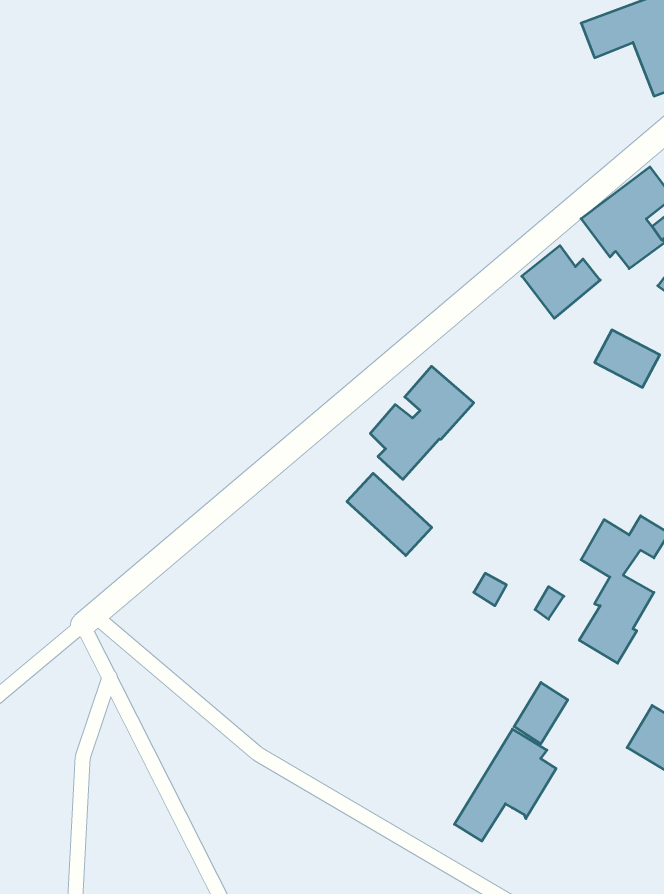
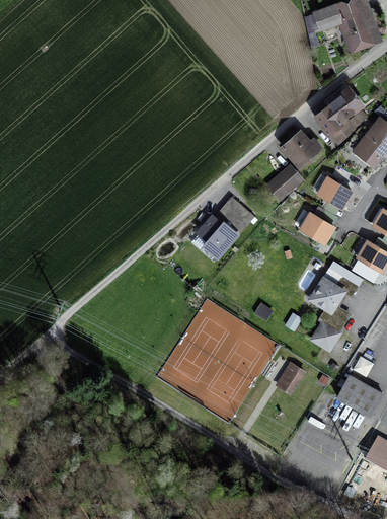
building: none -> [265,165,302,201]
building: none -> [300,211,333,241]
building: [347,473,432,556] -> none
building: [454,729,556,841] -> none

